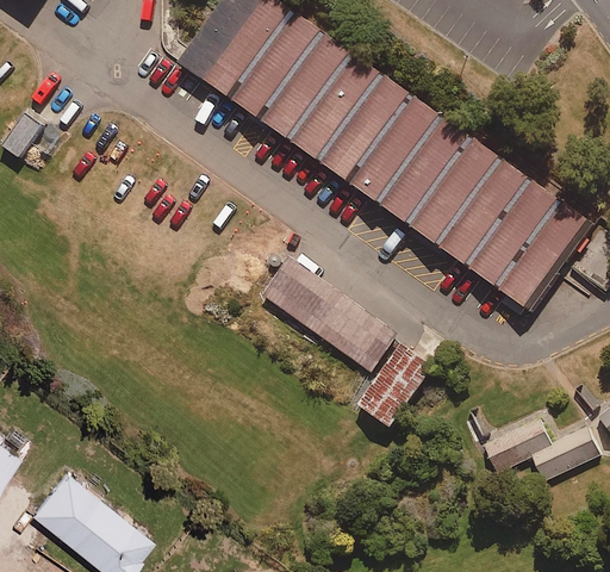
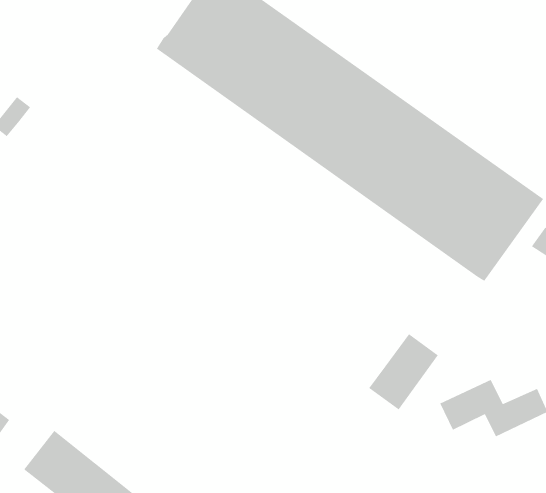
building: [260,255,397,373] -> none
building: [355,341,431,424] -> [368,333,439,410]

